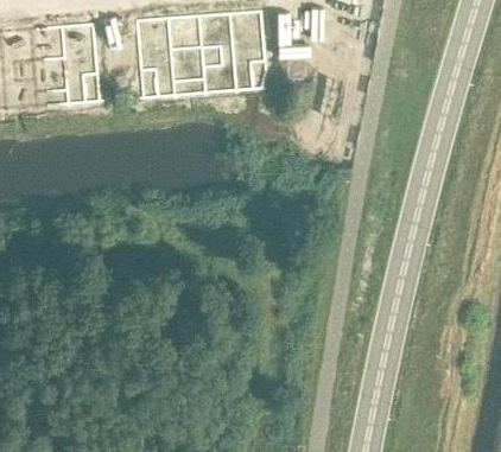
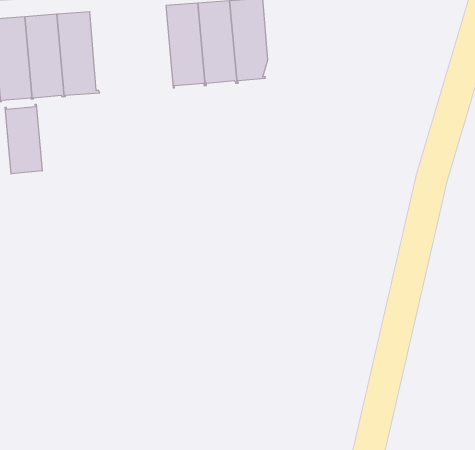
building: [138,17,175,97] -> none
building: none -> [5,104,42,174]

